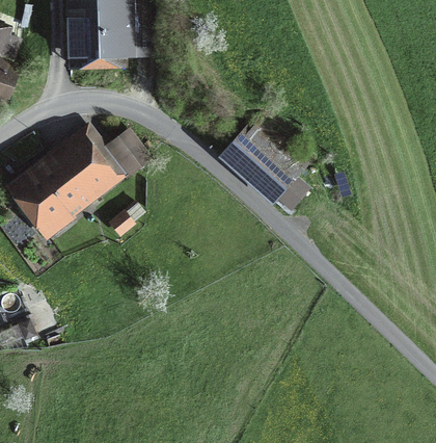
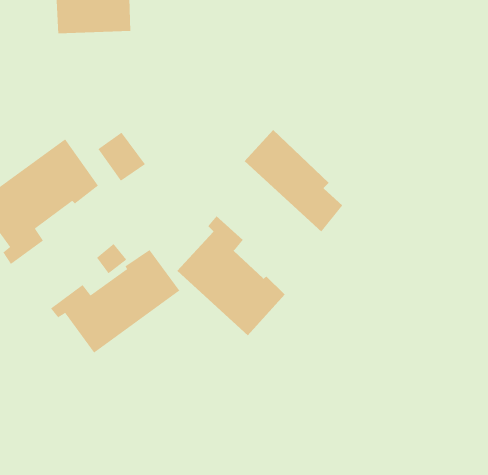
building: none -> [177,215,286,336]
building: none -> [50,249,180,354]

